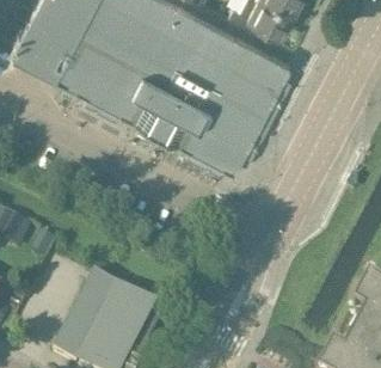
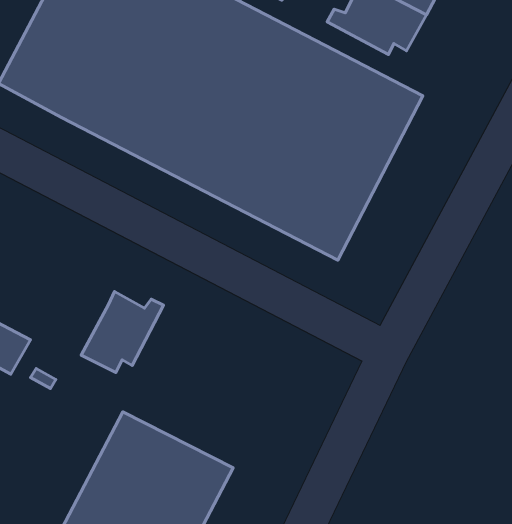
building: none -> [81,292,164,373]

